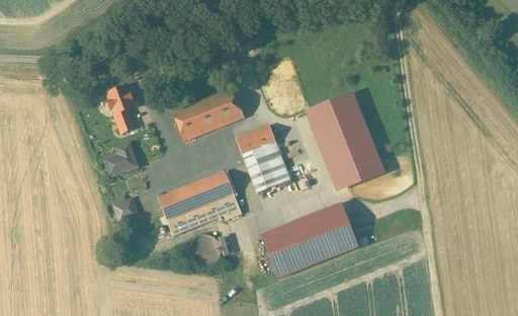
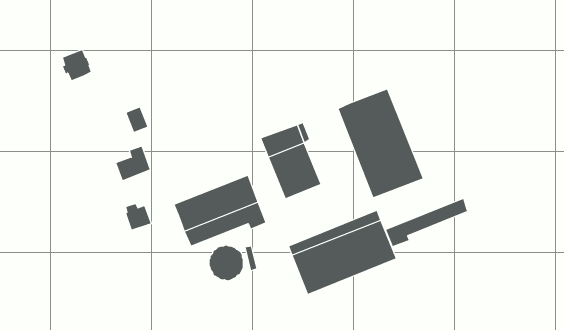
building: [107,85,134,113] -> [62,49,91,81]
building: [173,88,243,140] -> none
building: none -> [386,198,468,247]

